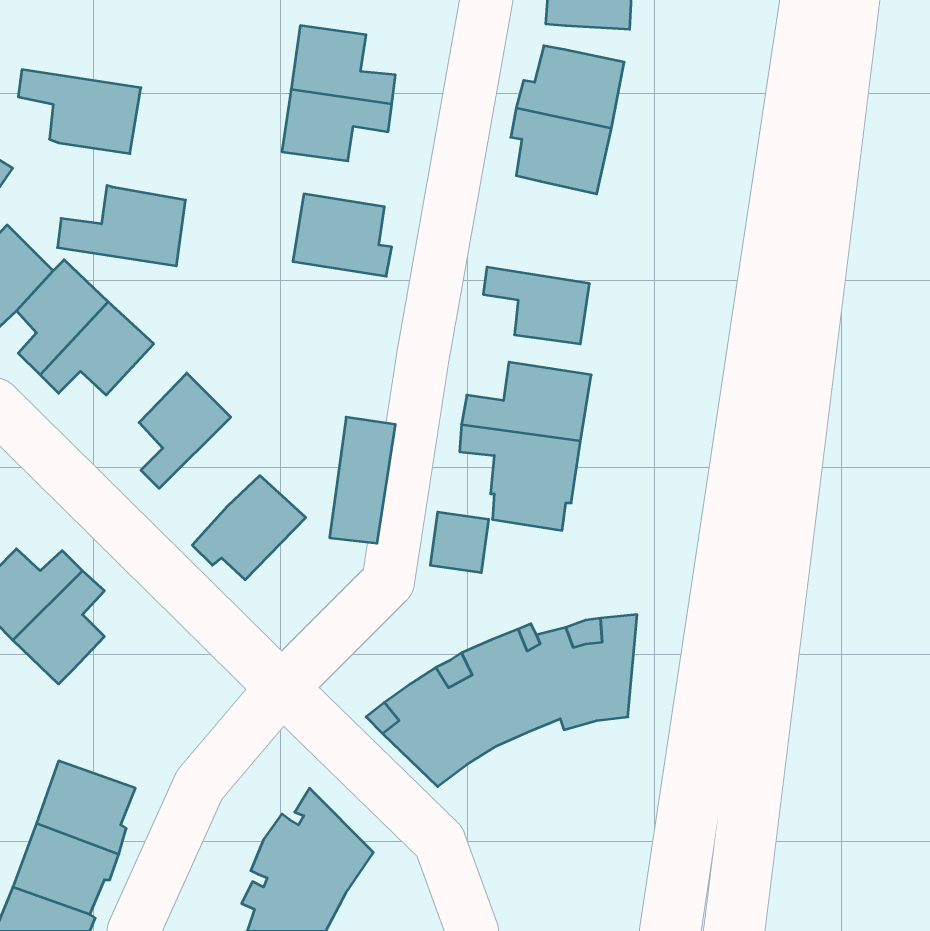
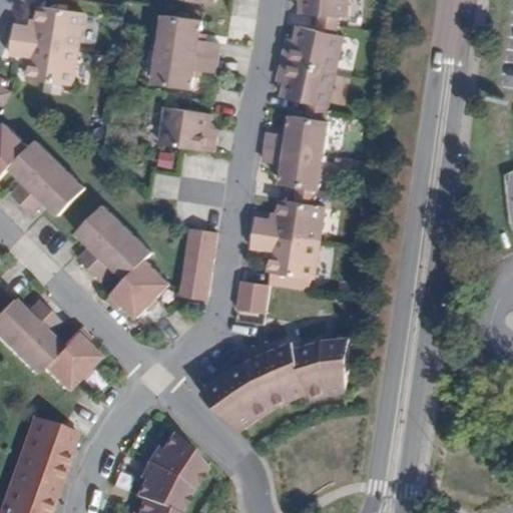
building: [57,185,186,266] -> [12,4,82,48]
building: none -> [267,115,328,155]
building: none -> [87,228,150,278]
building: none -> [40,328,96,390]

